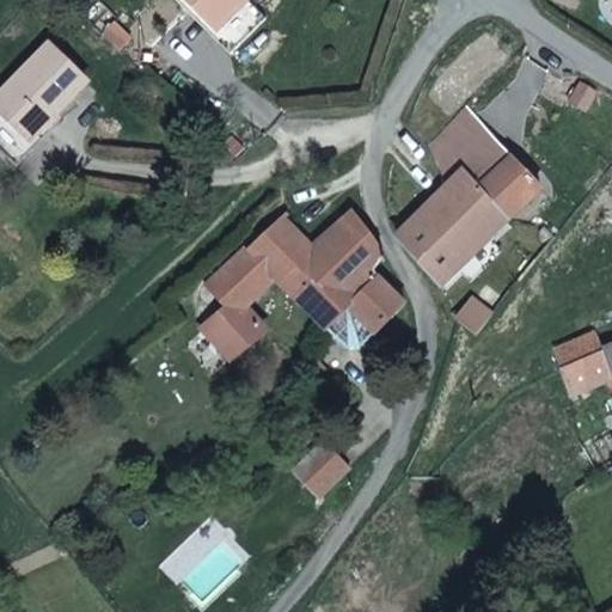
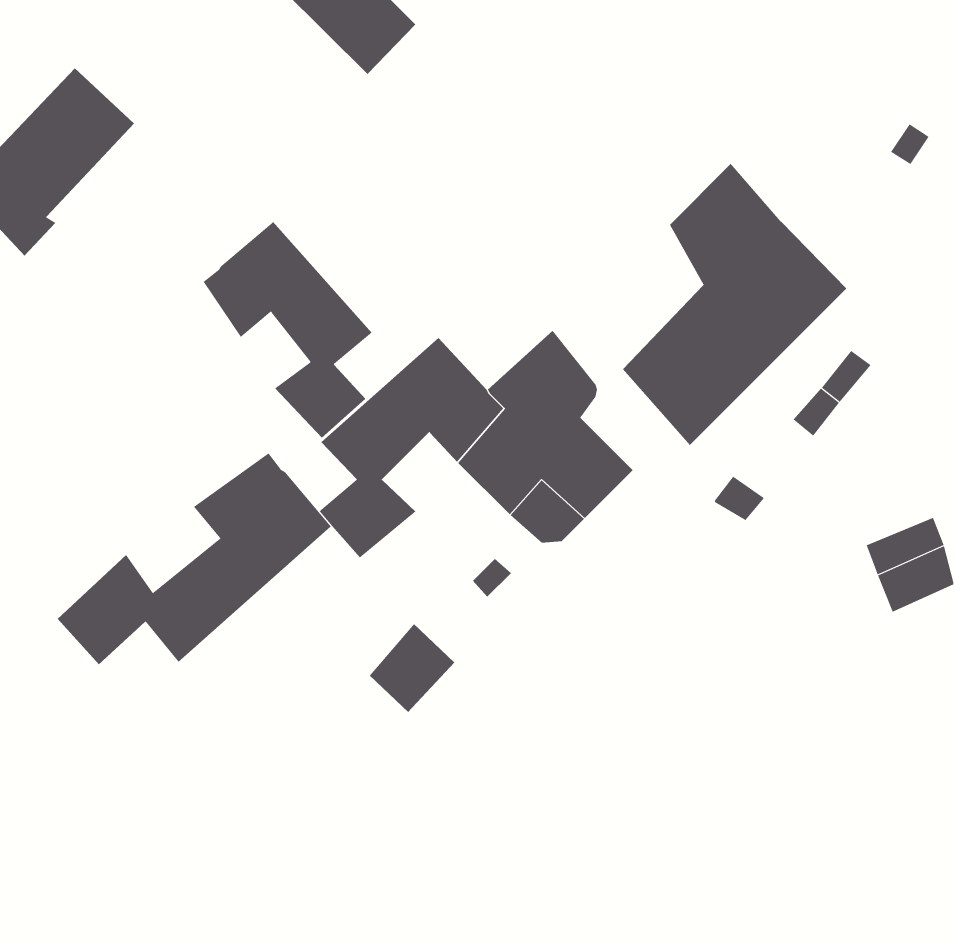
building: none -> [203,221,373,439]
building: none -> [57,453,331,665]
building: [296,440,351,497] -> [369,623,455,713]

